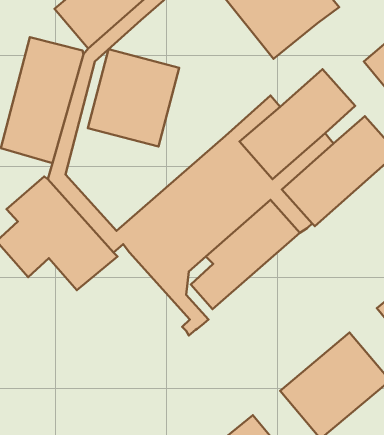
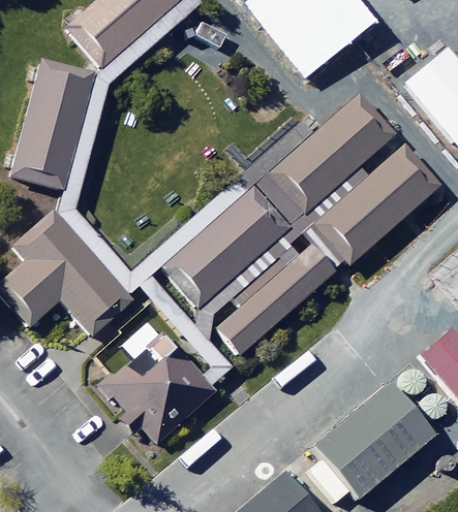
building: [88,49,179,147] -> none
building: none -> [95,324,219,443]

